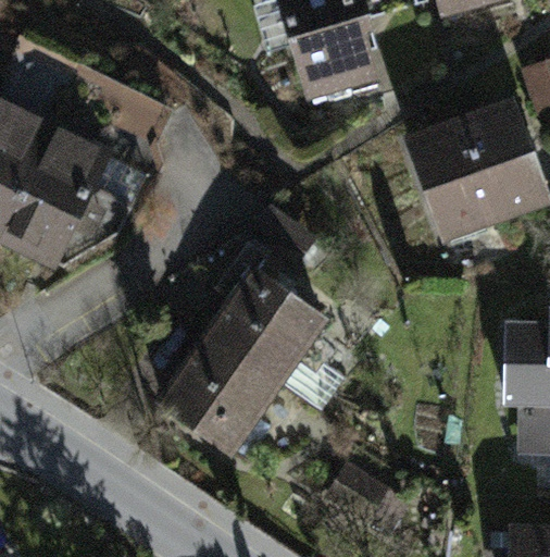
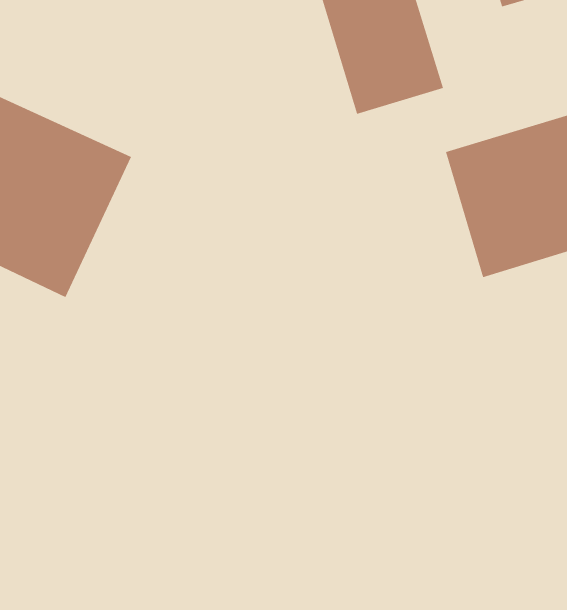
building: [155,269,333,451] -> none

